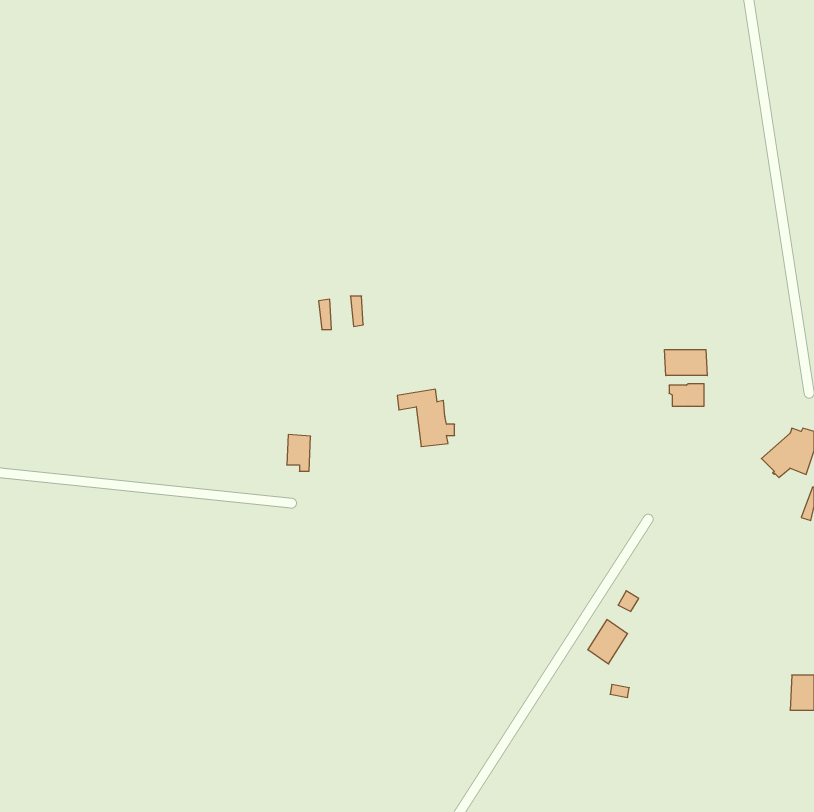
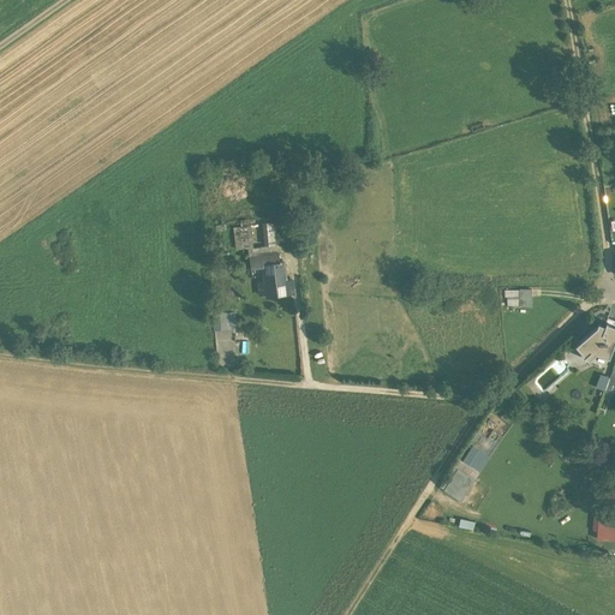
building: [665,350,707,376] -> none
building: [397,389,455,447] -> [249,255,292,298]

